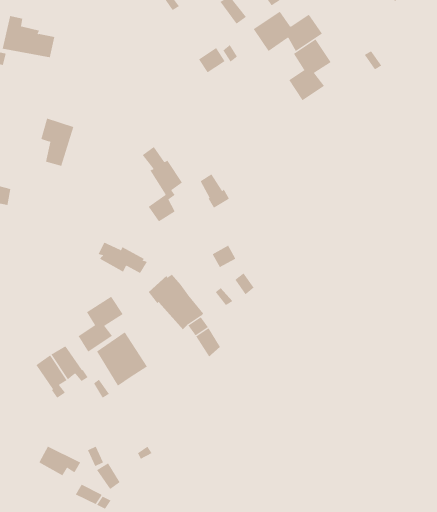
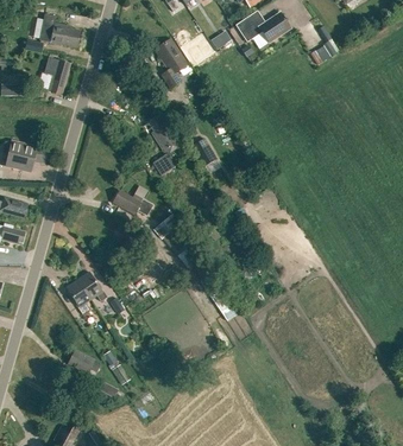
building: [289,39,331,101] -> none
building: none -> [155,39,187,89]
building: [41,118,74,166] -> [44,57,70,95]
building: [78,296,123,352] -> none

